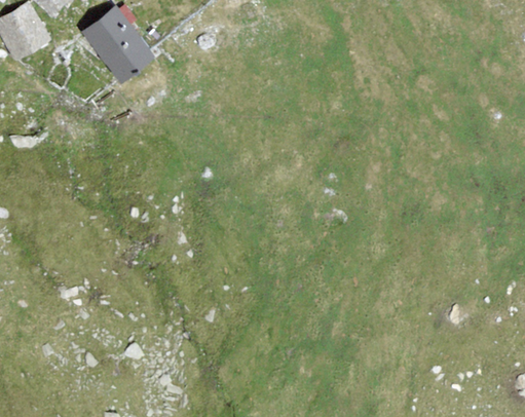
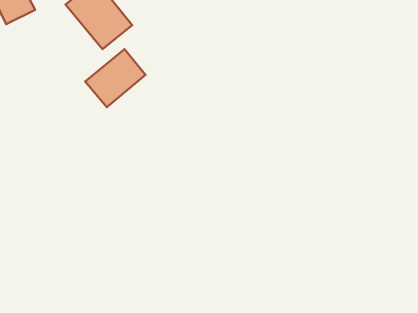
building: none -> [85,49,146,107]

